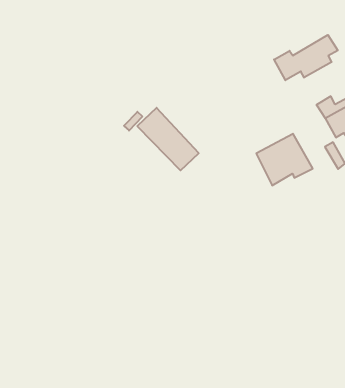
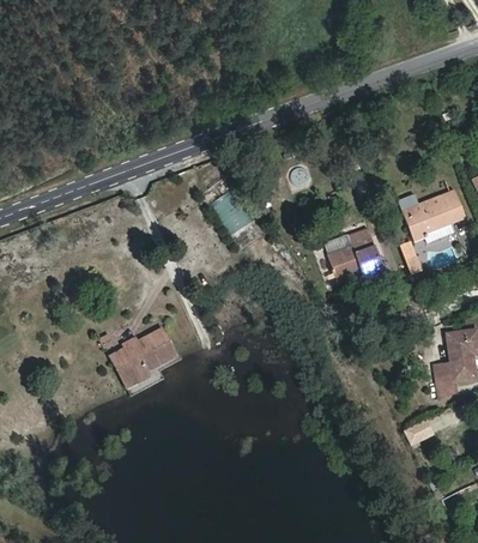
building: [274,35,338,80] -> none
building: none -> [110,322,179,374]

